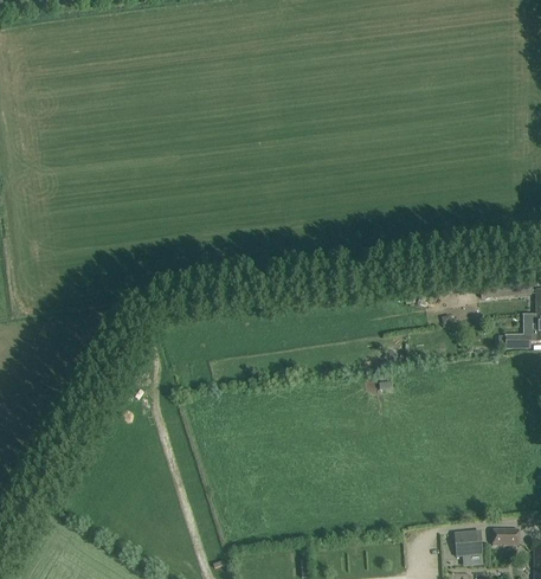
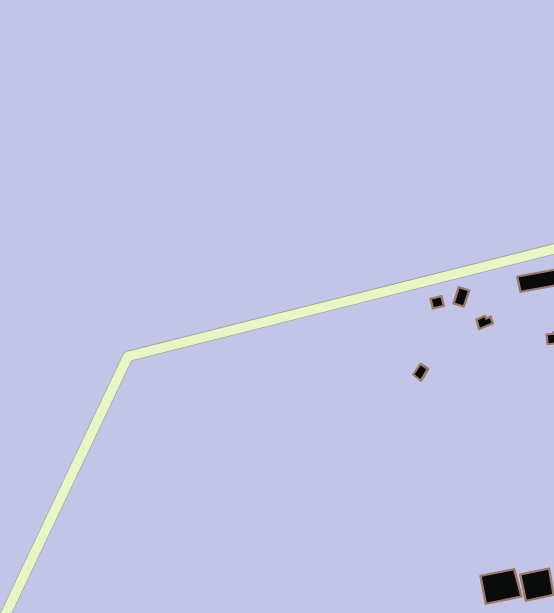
building: none -> [480,569,521,604]

